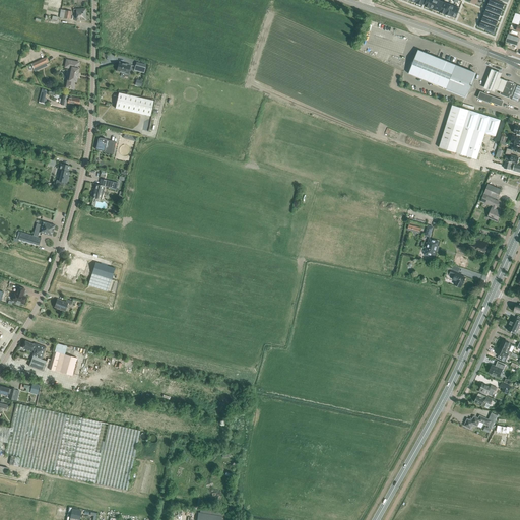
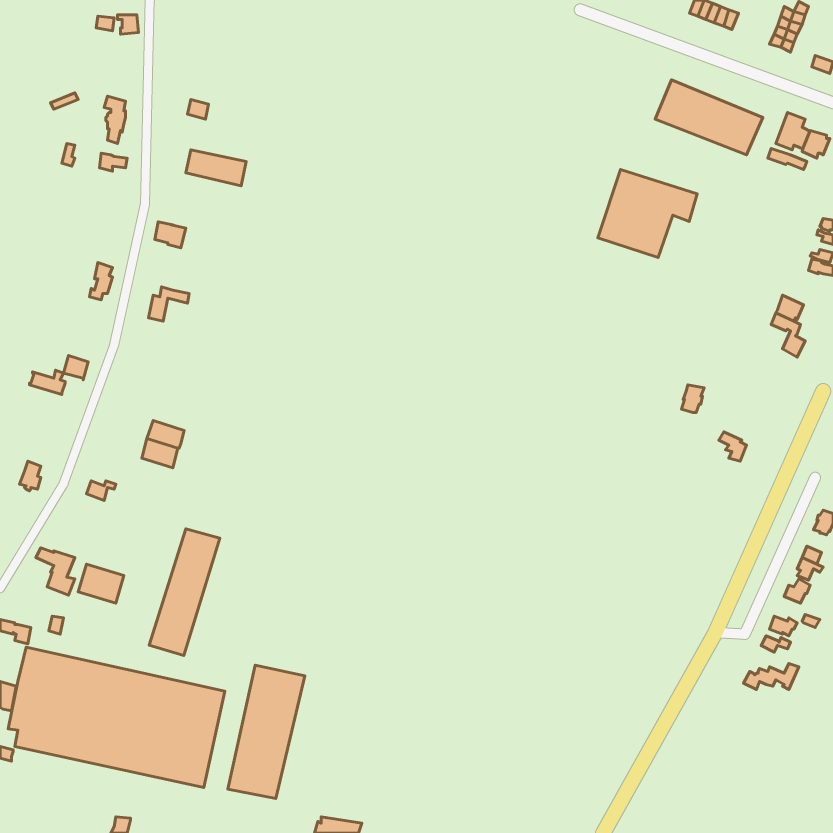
building: [439,105,501,159] -> [598,169,697,257]
building: none -> [149,529,220,655]
building: none -> [228,665,305,799]

